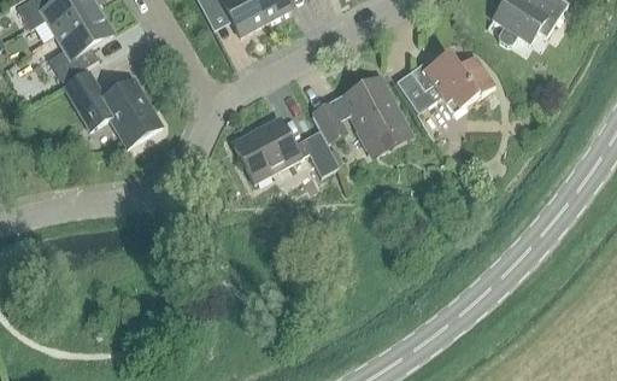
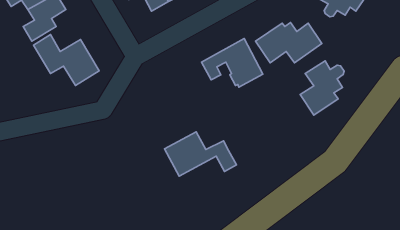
building: none -> [300,61,344,115]
building: [231,117,339,183] -> [165,132,236,176]

